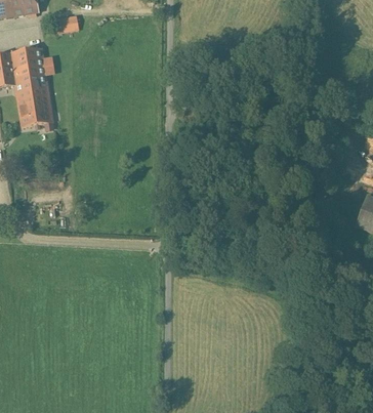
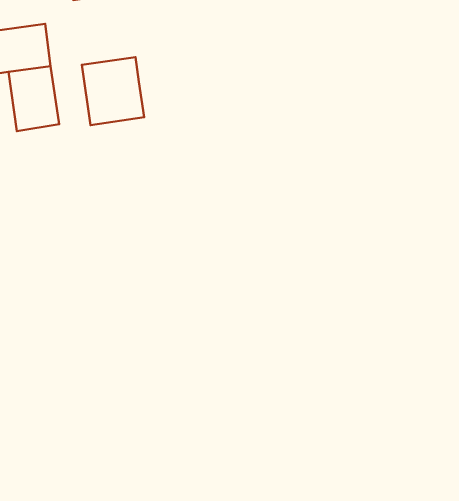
building: none -> [82,57,144,125]

